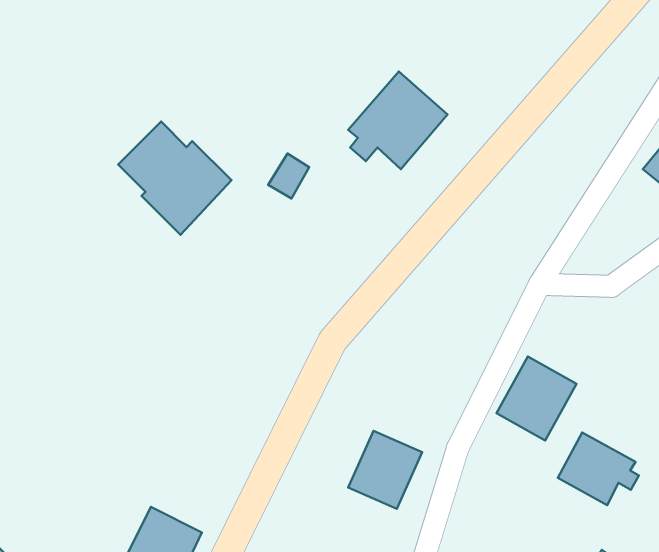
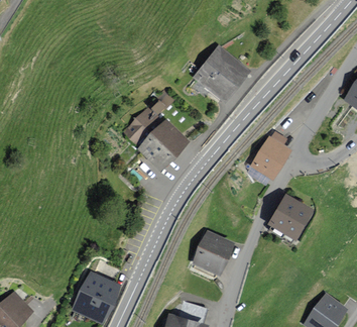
building: [118,122,231,235] -> [127,109,186,168]
building: none -> [252,137,288,177]
building: [558,433,639,505] -> none

